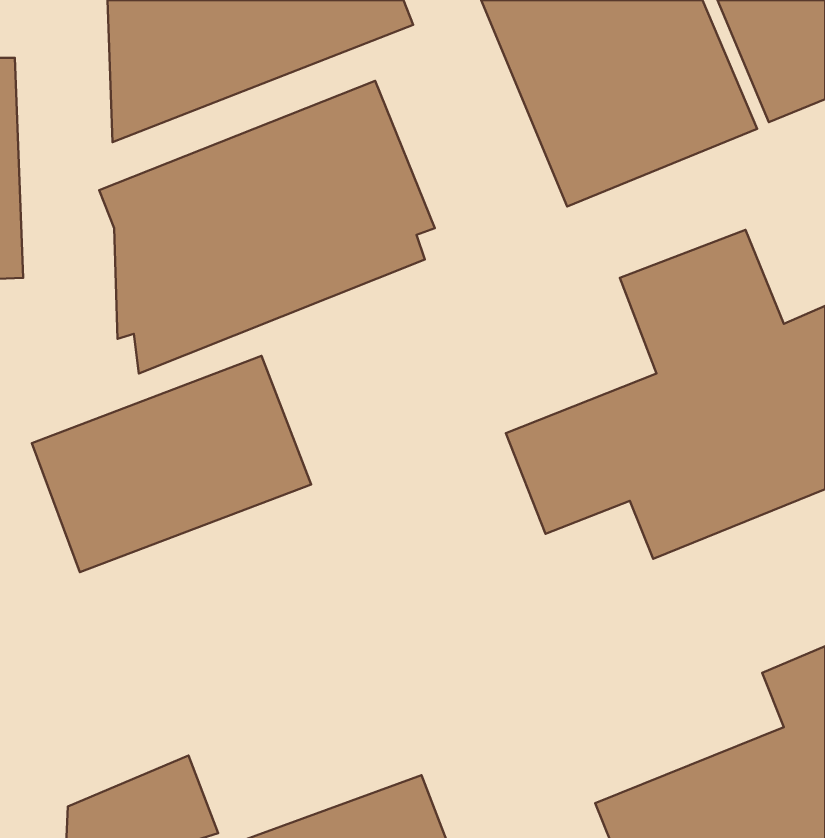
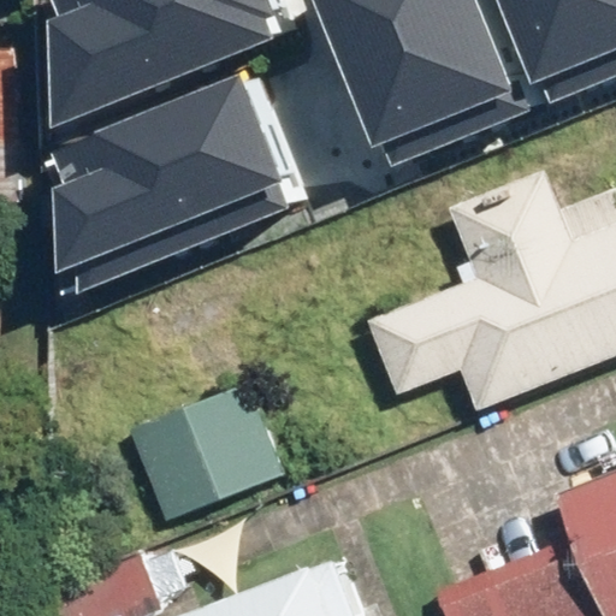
building: [32,356,311,572] -> [78,383,282,540]

